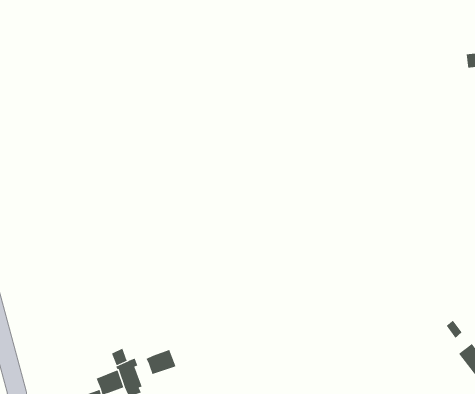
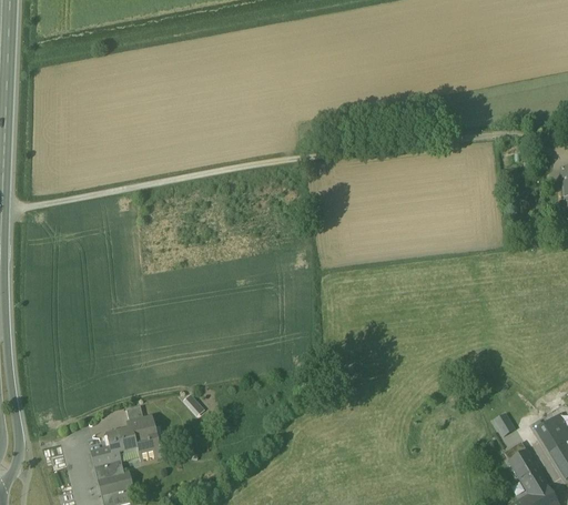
building: [146,349,176,375] -> none

